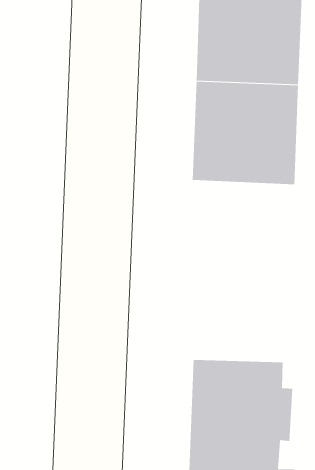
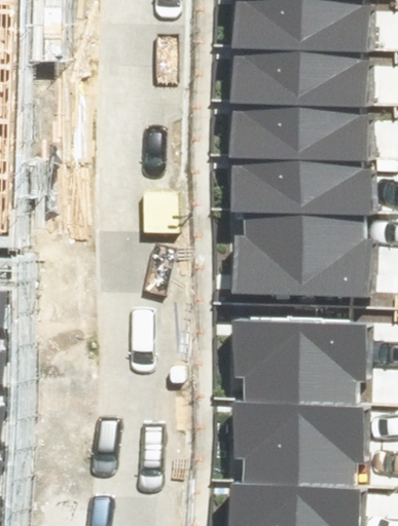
building: none -> [233,203,349,291]
building: none -> [238,312,339,402]

